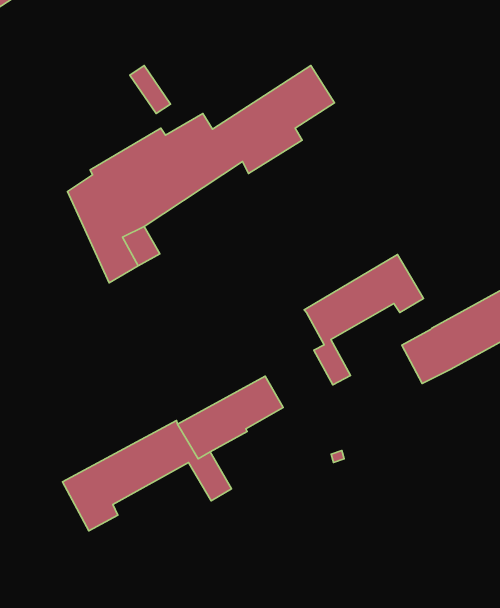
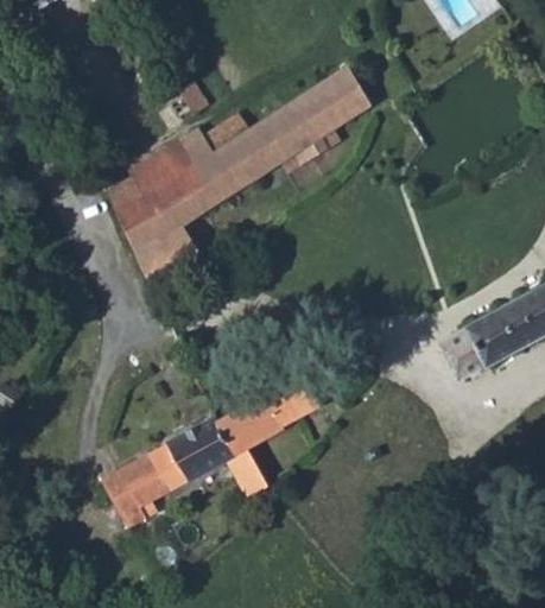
building: [304,254,424,385] -> none

